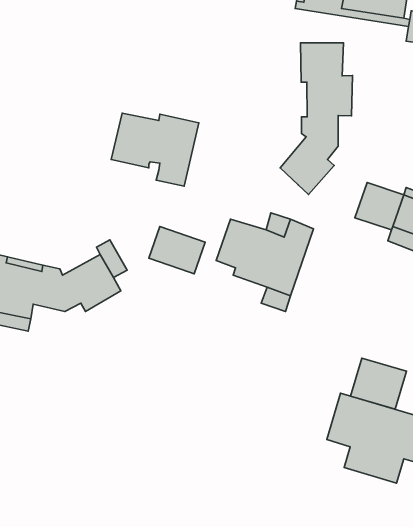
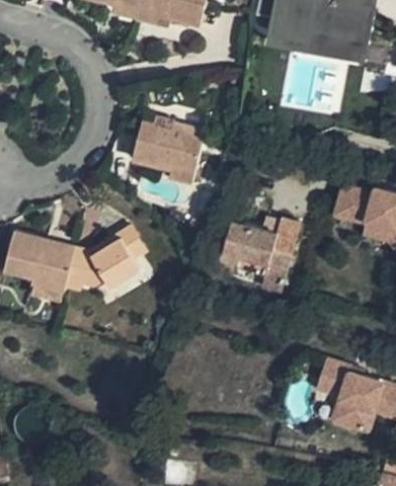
building: [280,43,352,194] -> none
building: [149,226,205,274] -> none
building: [350,358,407,409] -> none

